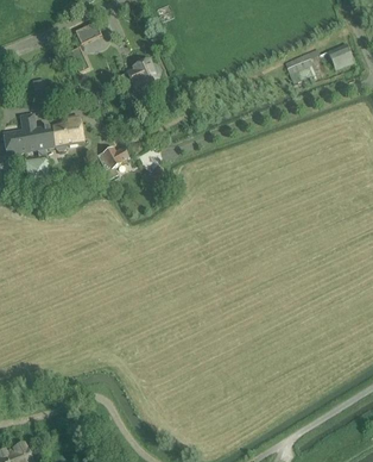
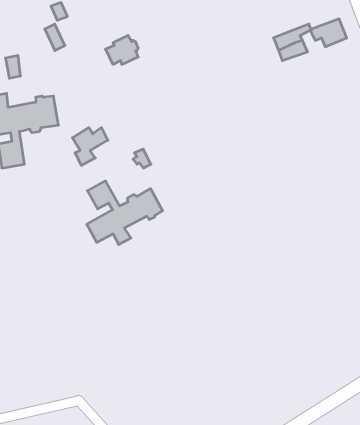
building: none -> [87,181,163,245]

